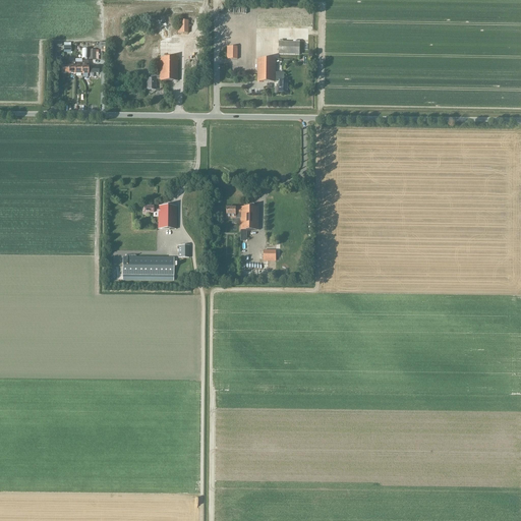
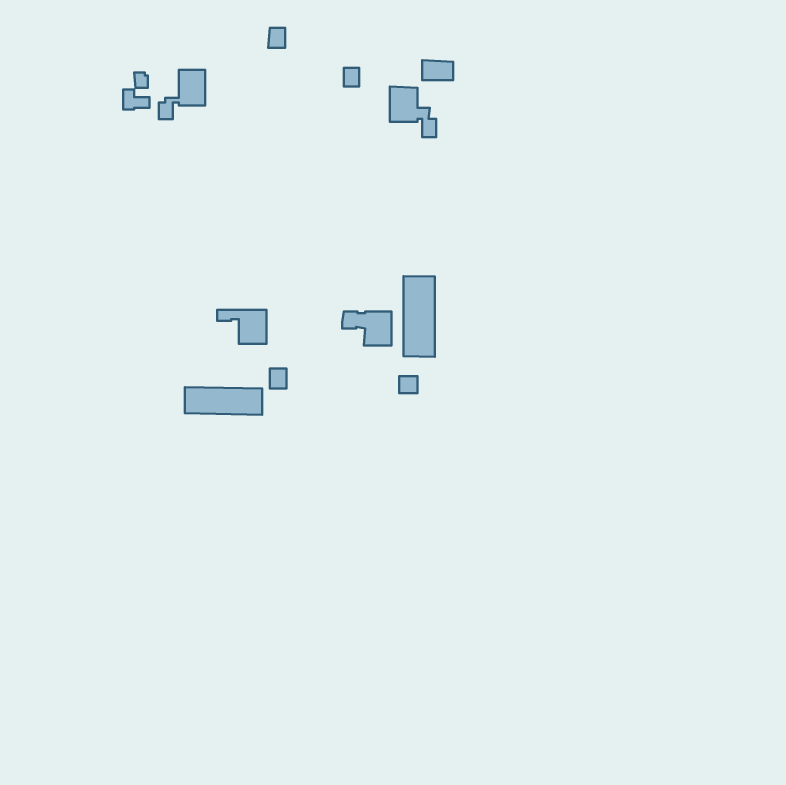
building: [148,56,178,89] -> [159,70,205,119]
building: none -> [403,276,435,357]

